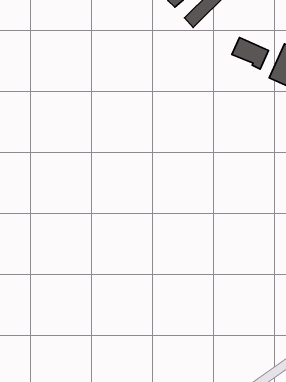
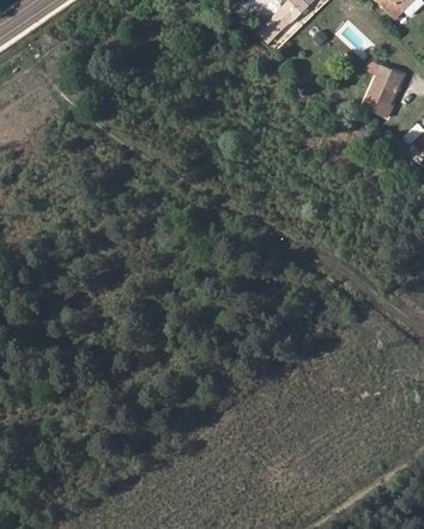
building: [232,38,269,69] -> none

